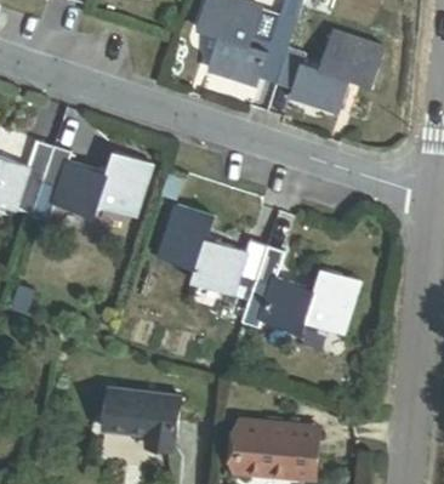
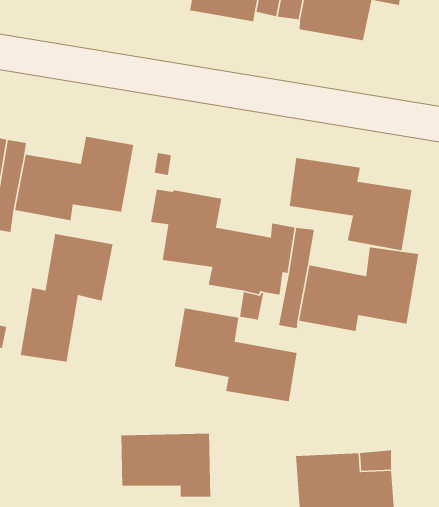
building: none -> [289,157,412,251]
building: none -> [20,233,114,363]
building: none -> [174,307,297,402]

